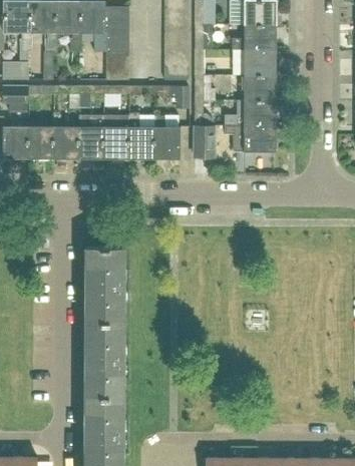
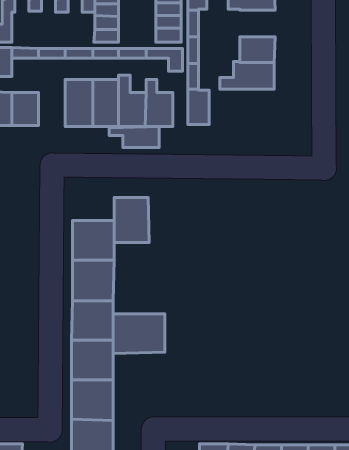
building: [243,50,276,75] -> none
building: [243,124,275,151] -> none
building: [53,127,78,159] -> none
building: none -> [109,127,159,148]
building: none -> [114,197,149,242]
building: none -> [113,314,165,353]

